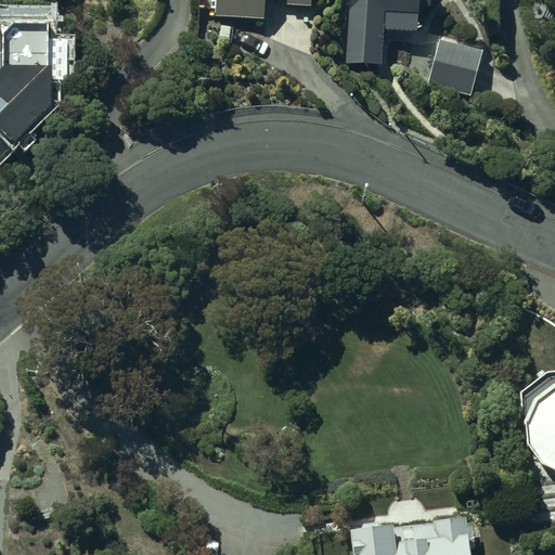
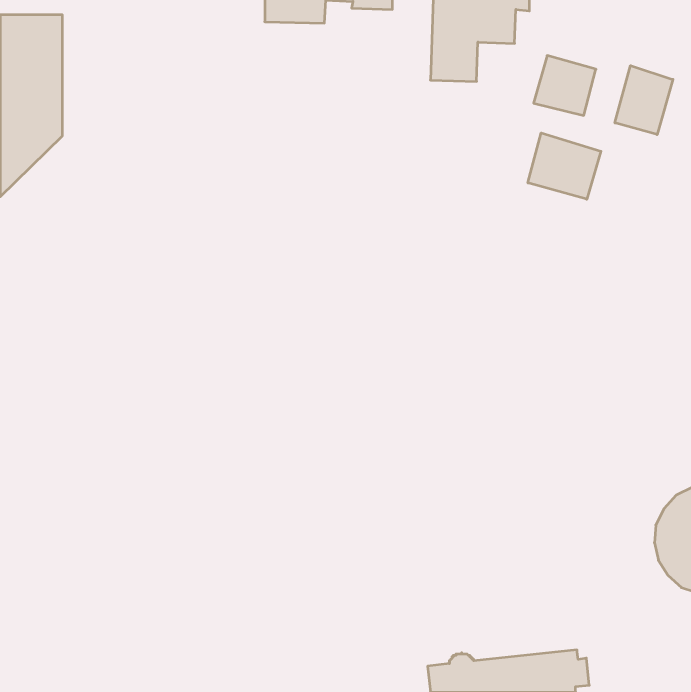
building: none -> [615,66,673,135]
building: none -> [528,133,601,199]

